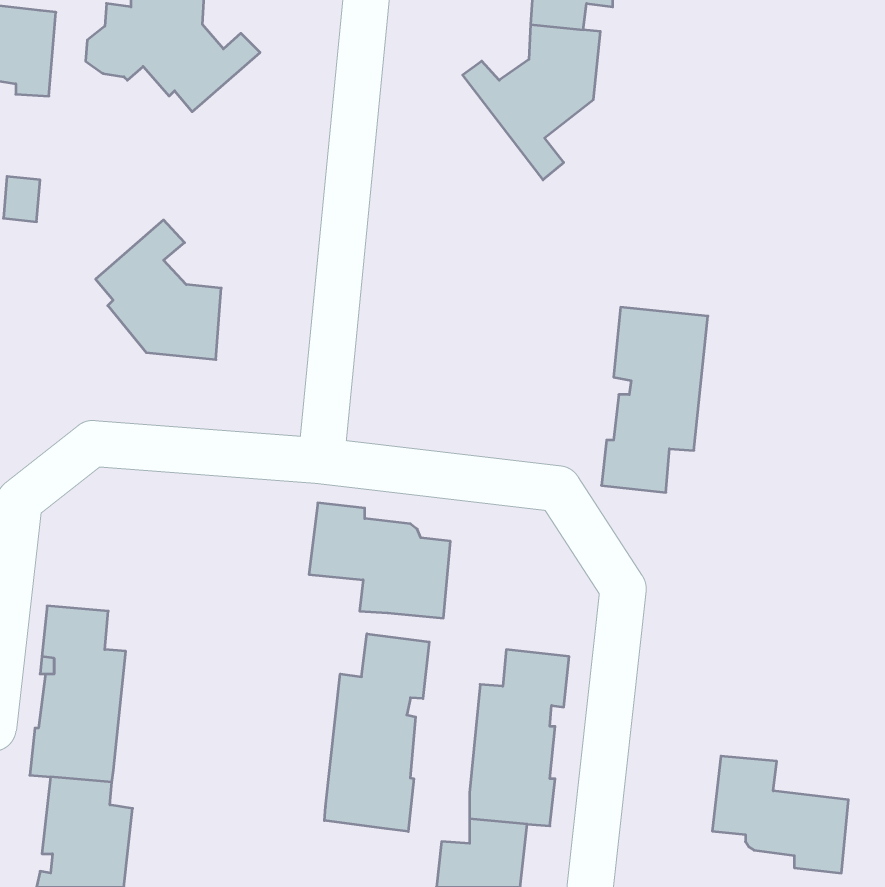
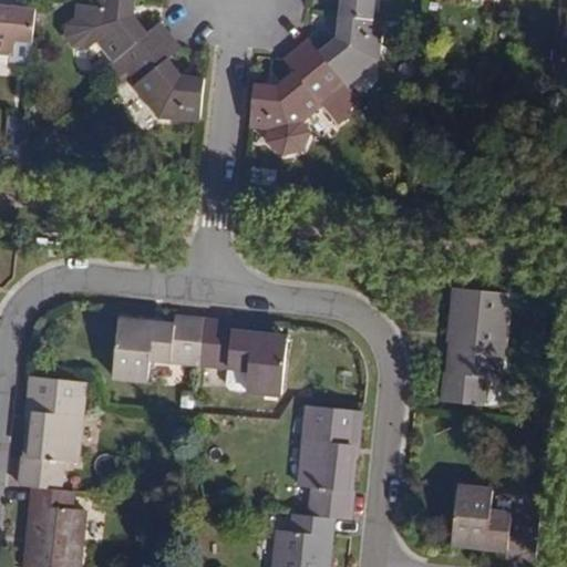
building: none -> [247,48,344,154]
building: [96,220,221,360] -> [122,33,202,122]
building: [601,307,708,492] -> [443,289,511,406]
building: none -> [112,316,202,379]
building: [324,634,429,832] -> none

